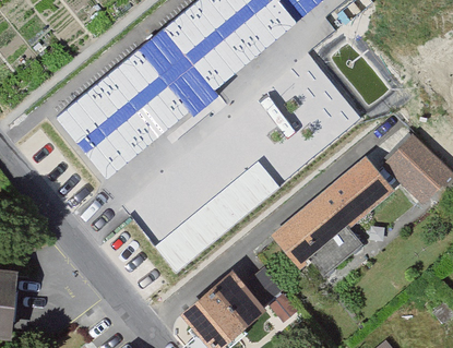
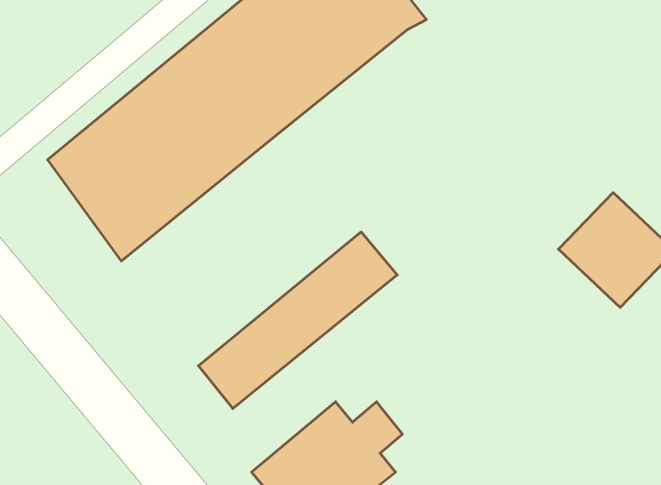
building: [276,157,397,277] -> none

